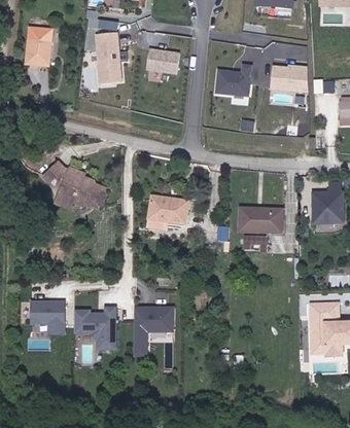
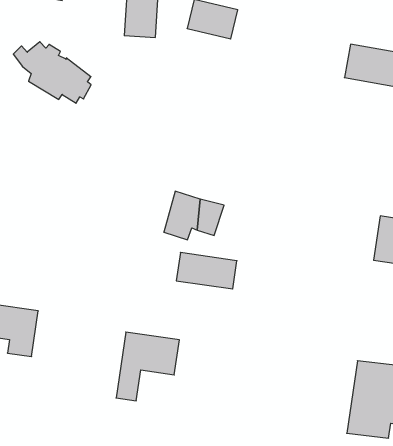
building: [213,63,252,97] -> none
building: [46,168,108,210] -> [13,42,91,103]
building: [238,211,281,233] -> [176,252,237,289]
building: [73,306,116,350] -> none

